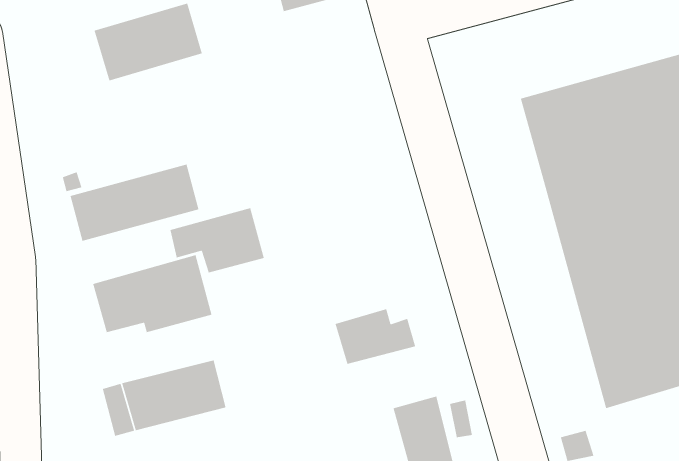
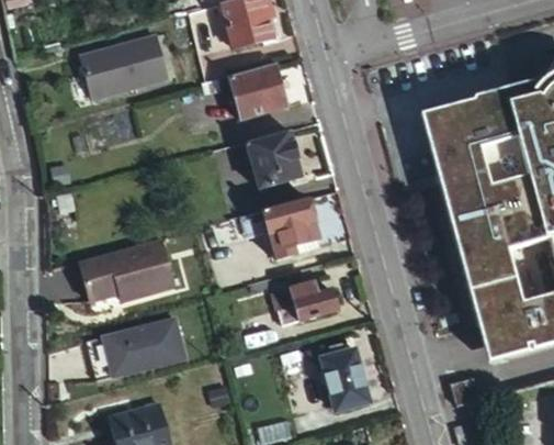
building: none -> [229,65,285,118]
building: none -> [247,129,298,186]
building: [69,163,200,242] -> none
building: [169,207,265,274] -> [244,198,319,251]

